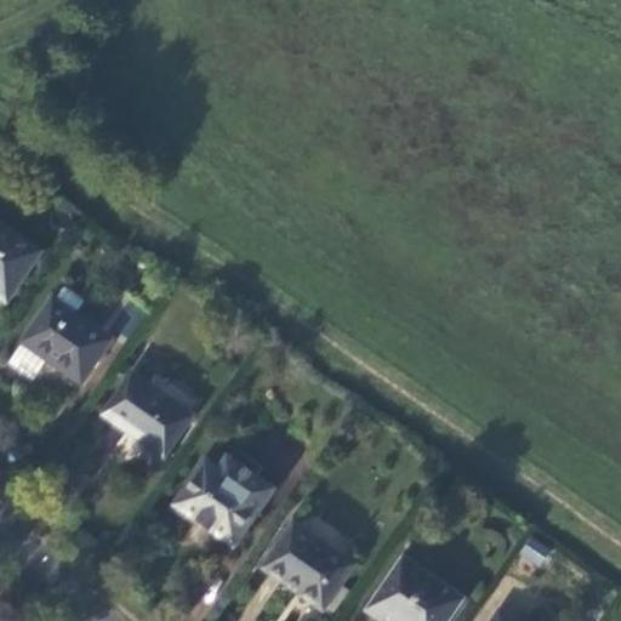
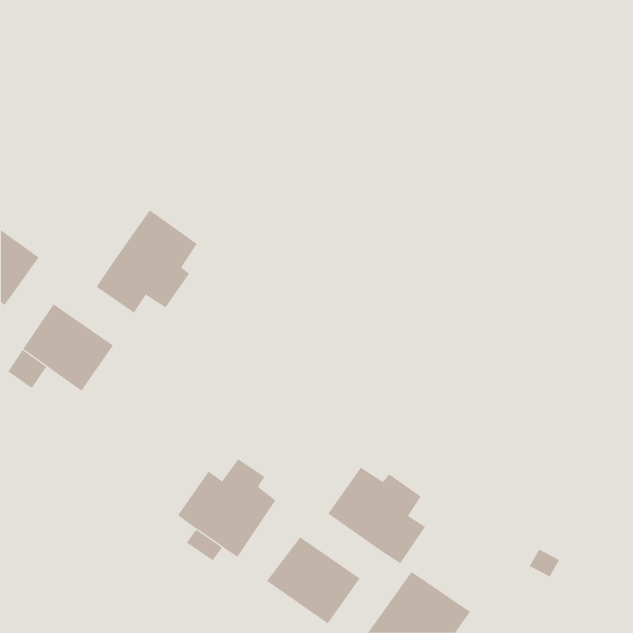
building: none -> [96,210,197,313]
building: [104,374,192,456] -> none
building: none -> [327,467,426,564]

